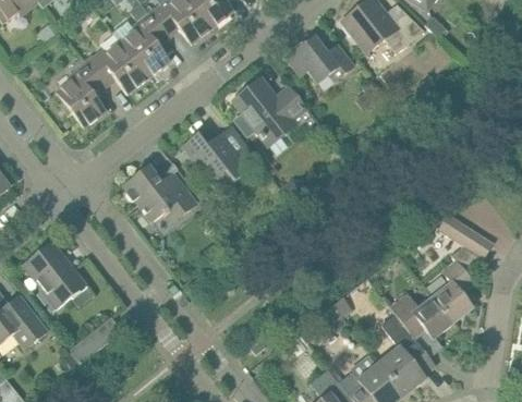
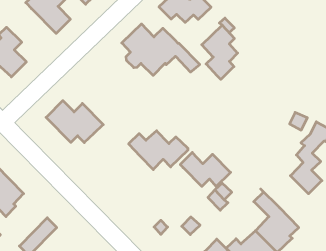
building: [85,41,148,94] -> none
building: none -> [202,25,238,79]
building: [182,132,258,182] -> [129,131,188,170]
building: [388,291,452,339] -> [180,152,231,187]

